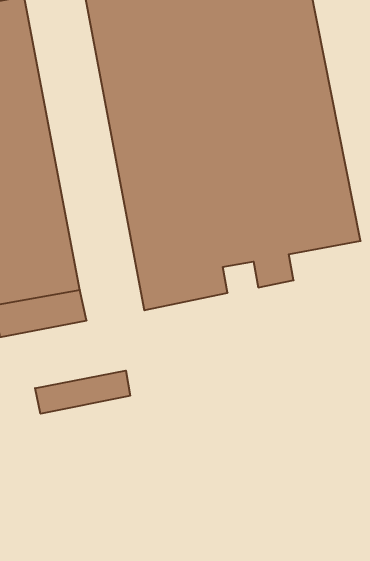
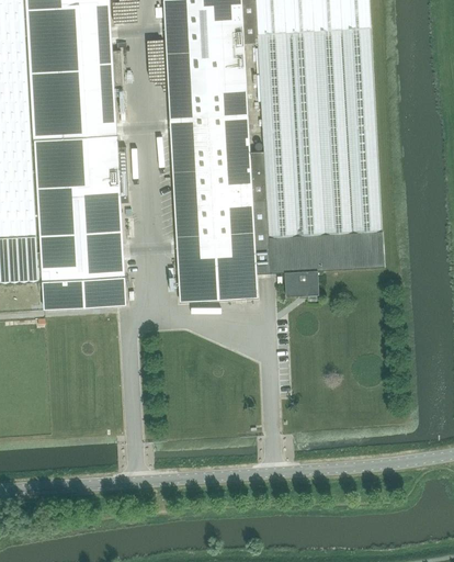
building: [35,371,130,414] -> none

